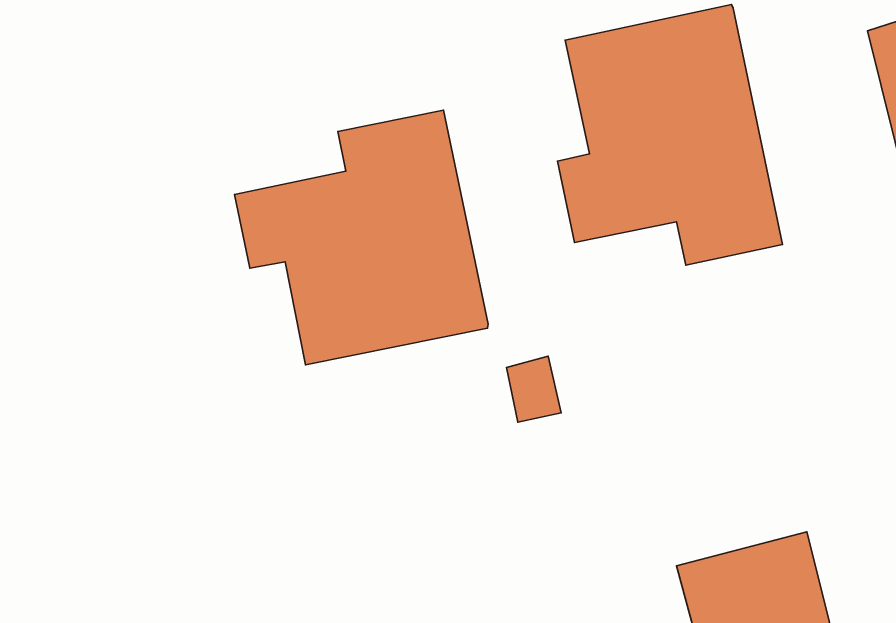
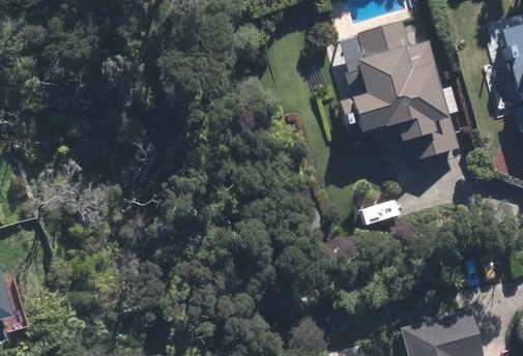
building: [235,110,488,365] -> none

